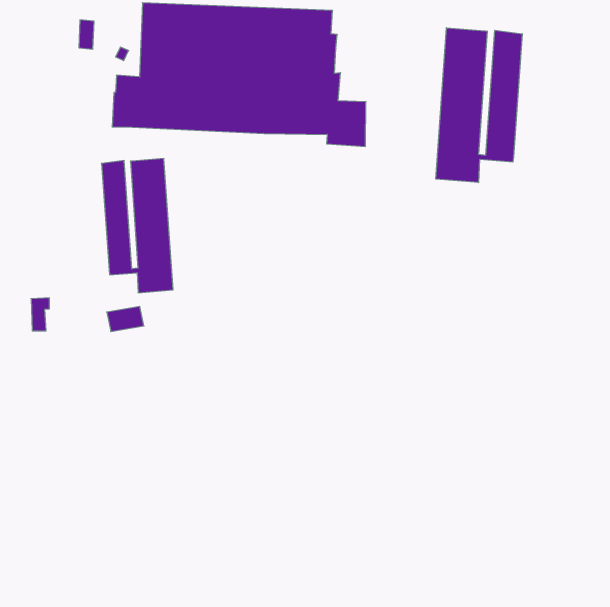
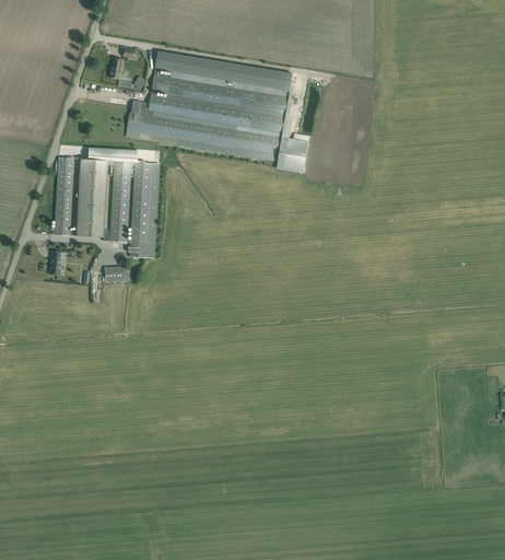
building: [436,28,522,183] -> none
building: none -> [52,147,138,241]

